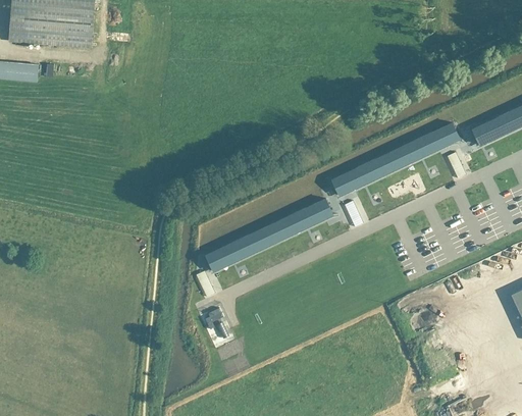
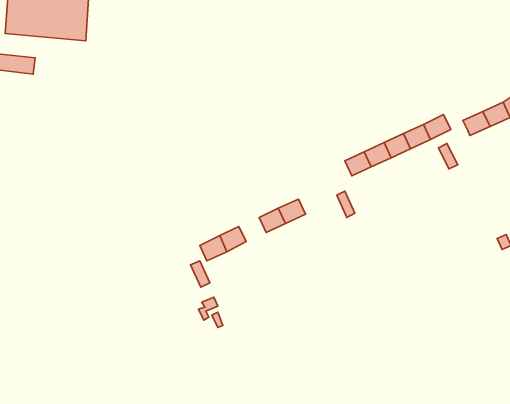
building: [333,169,361,195] -> none
building: [307,198,334,223] -> none
building: [247,226,274,251] -> none

